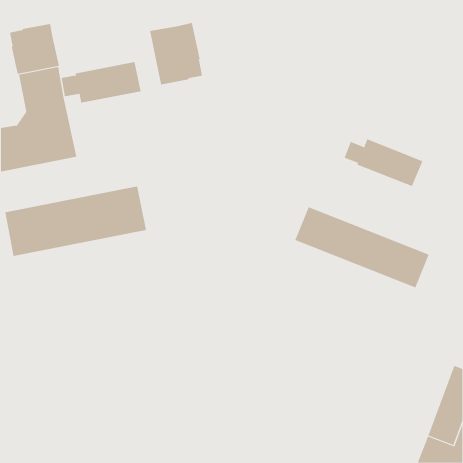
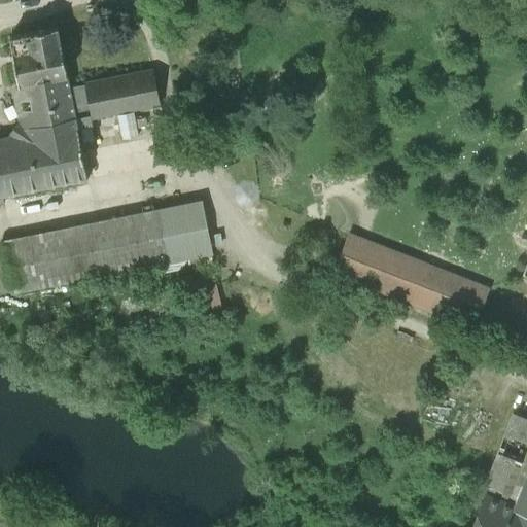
building: [149,22,203,85] -> none
building: [344,139,423,187] -> none
building: none -> [156,202,212,261]

